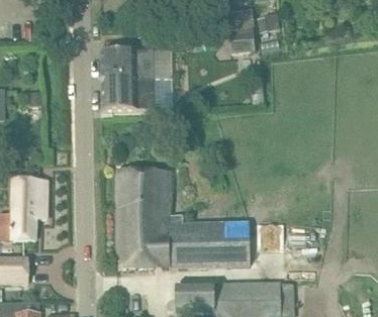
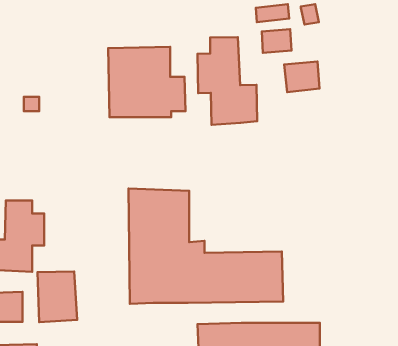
building: none -> [198,37,257,125]
building: none -> [284,62,320,92]
building: none -> [38,271,77,322]

